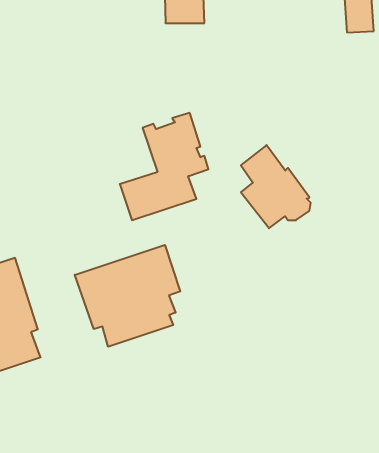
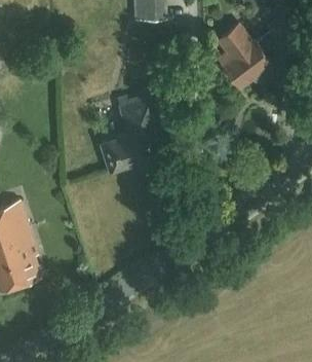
building: [241,145,311,228] -> [218,24,271,87]
building: [75,245,180,347] -> none

